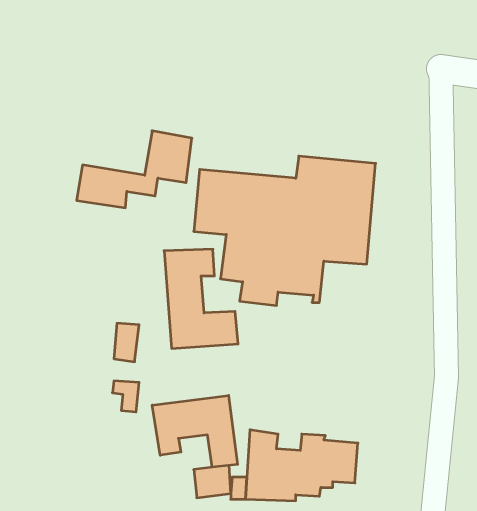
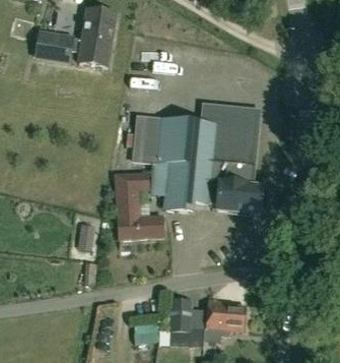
building: [77,131,192,208] -> [36,9,115,62]
building: none -> [220,180,264,214]
building: [152,395,238,467] -> none

